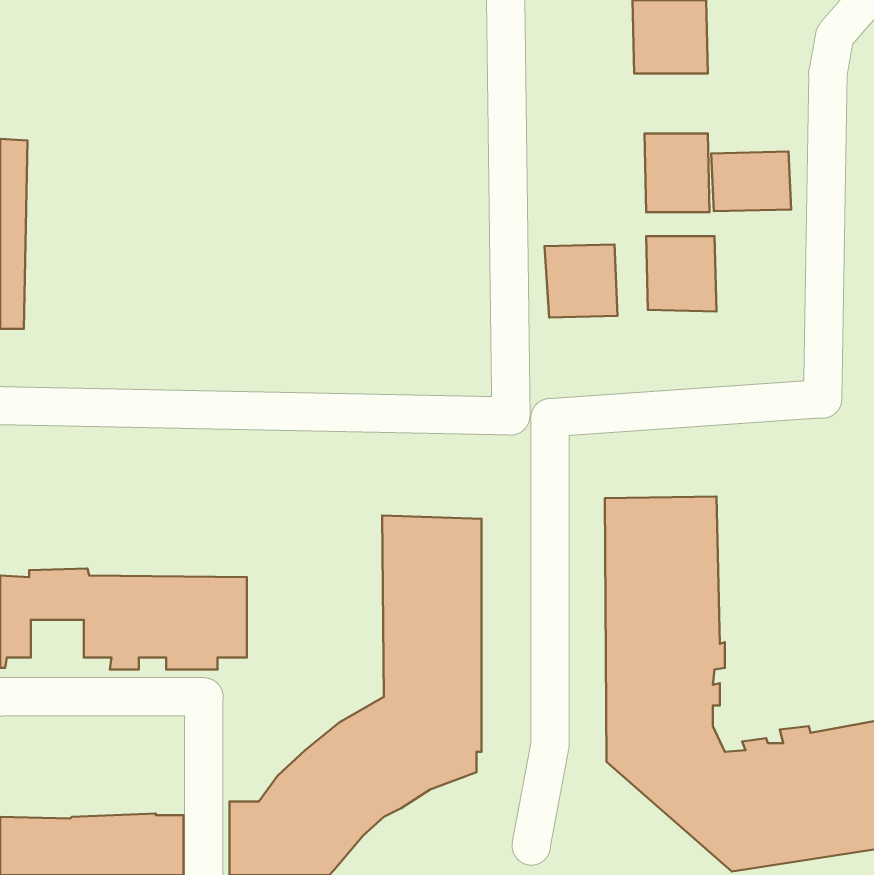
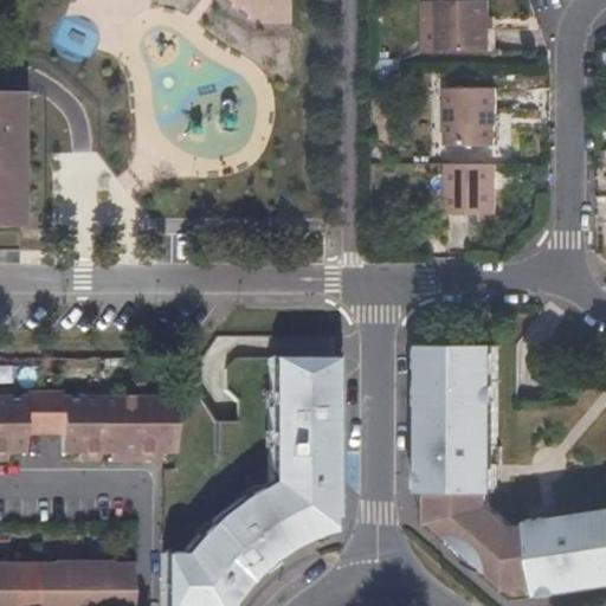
building: [711,152,791,211] -> none
building: [544,244,618,317] -> none

